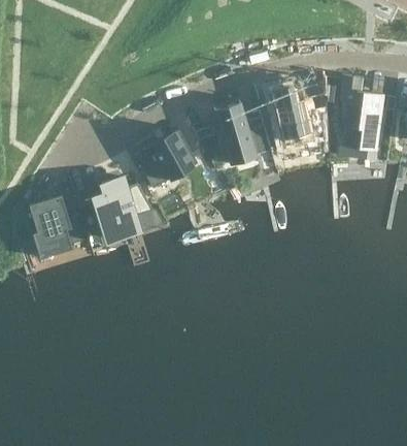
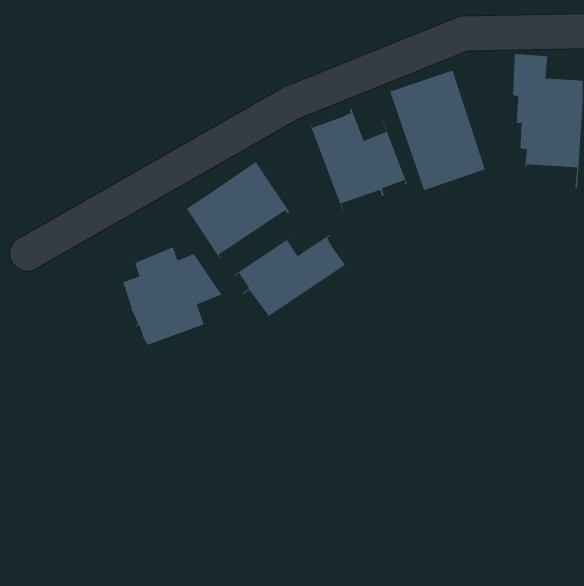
building: none -> [234,231,350,322]
building: [28,195,89,258] -> none

